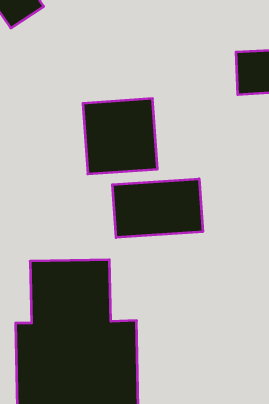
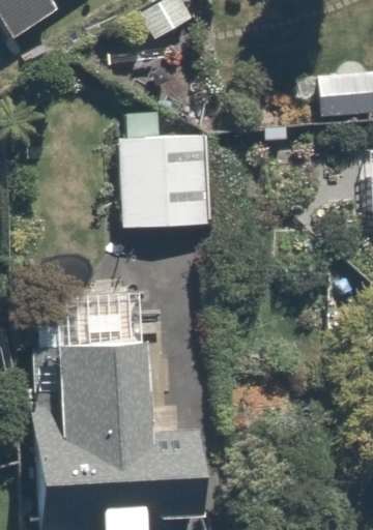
building: [112,179,203,238] -> none

